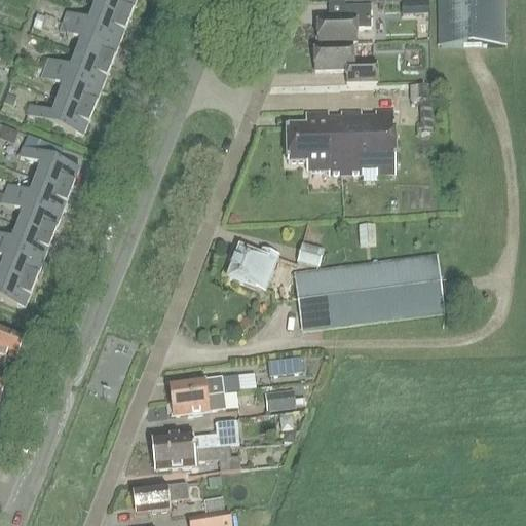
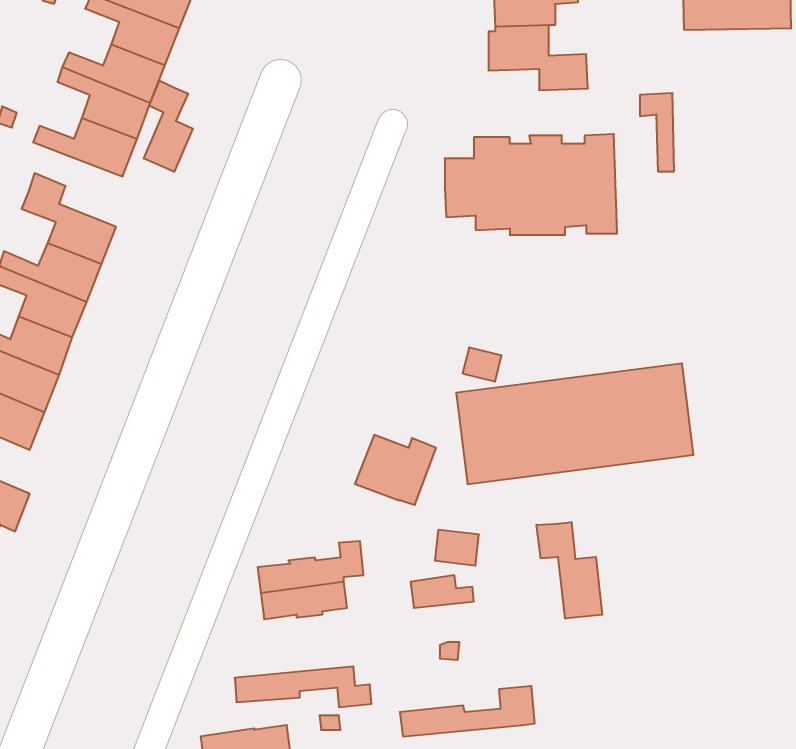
building: none -> [144,80,193,172]
building: [227,245,278,289] -> [355,435,436,505]
building: none -> [536,522,602,619]
building: [152,419,237,451] -> [400,686,535,736]

